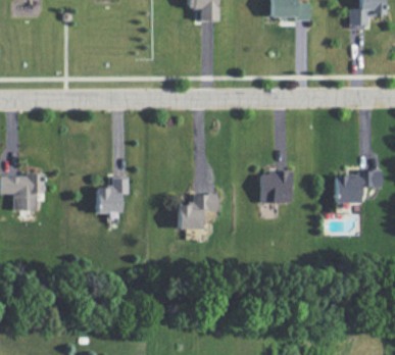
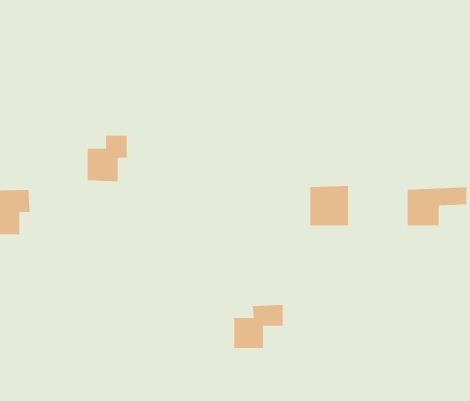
building: [97,176,129,213] -> [87,135,128,182]
building: [179,194,217,229] -> [233,304,283,349]

